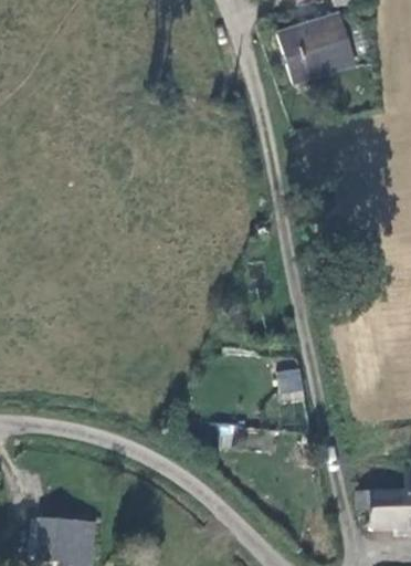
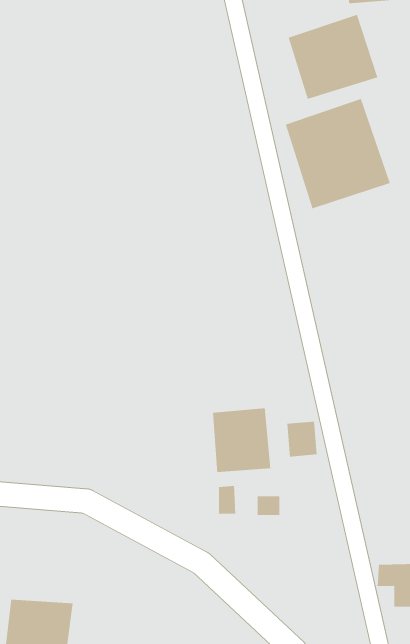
building: none -> [285,98,391,209]
building: none -> [212,407,271,473]

